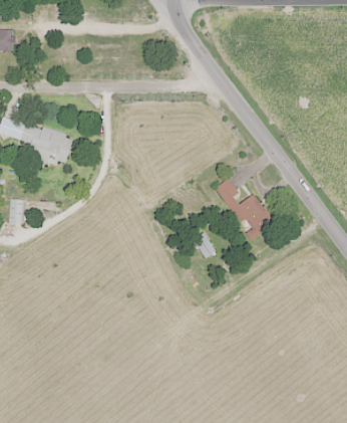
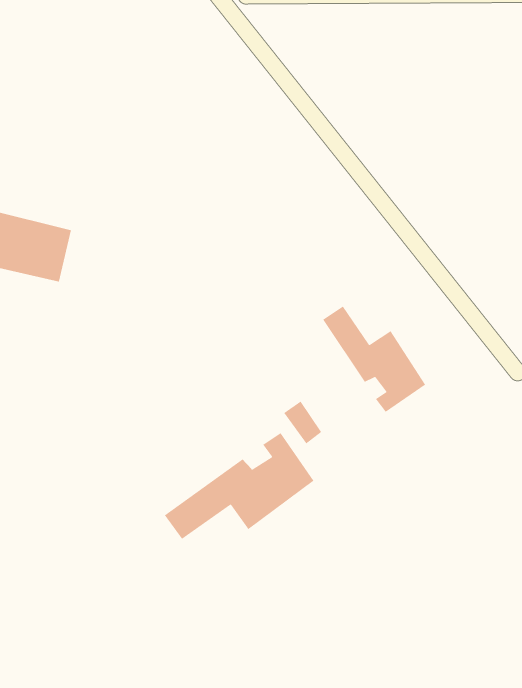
building: none -> [164,432,315,540]

